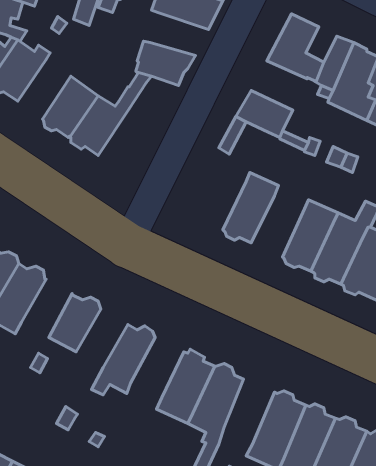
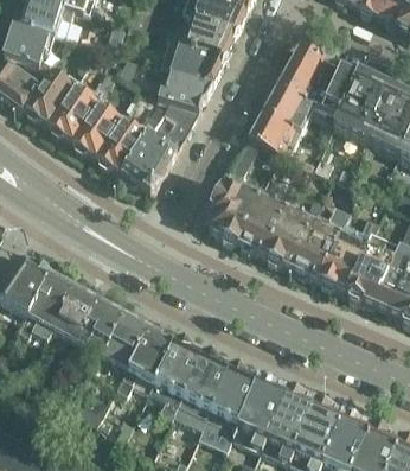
building: none -> [160,42,224,83]
building: none -> [50,70,116,141]
building: none -> [263,88,314,133]
building: none -> [123,102,199,192]
building: none -> [205,173,263,243]
building: none -> [263,189,325,267]
building: none -> [53,287,100,340]
building: none -> [103,314,150,368]
building: none -> [149,339,201,415]
building: none -> [233,376,284,448]

